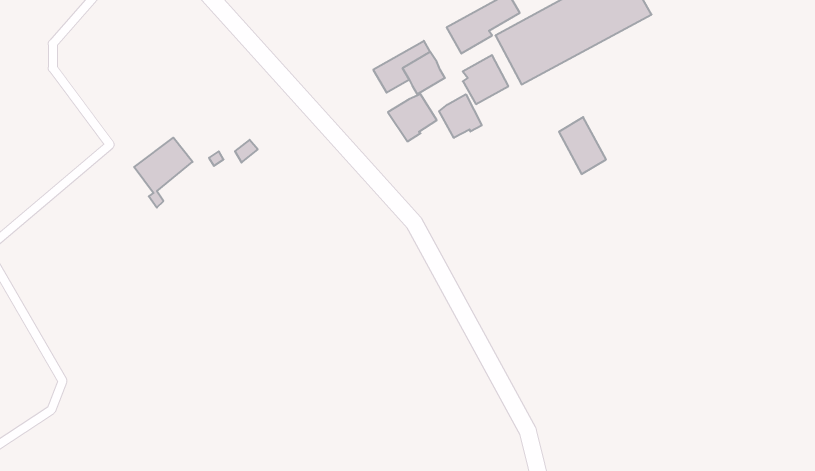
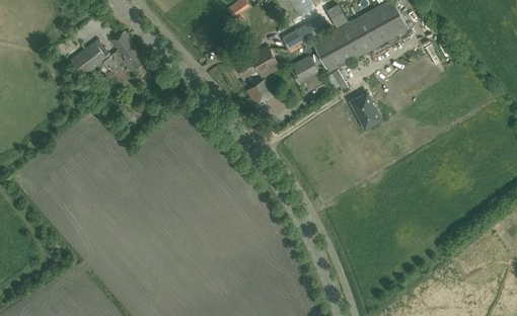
building: none -> [110,30,145,71]
building: [439,94,482,138] -> none
building: [134,138,193,208] -> [70,42,106,85]

